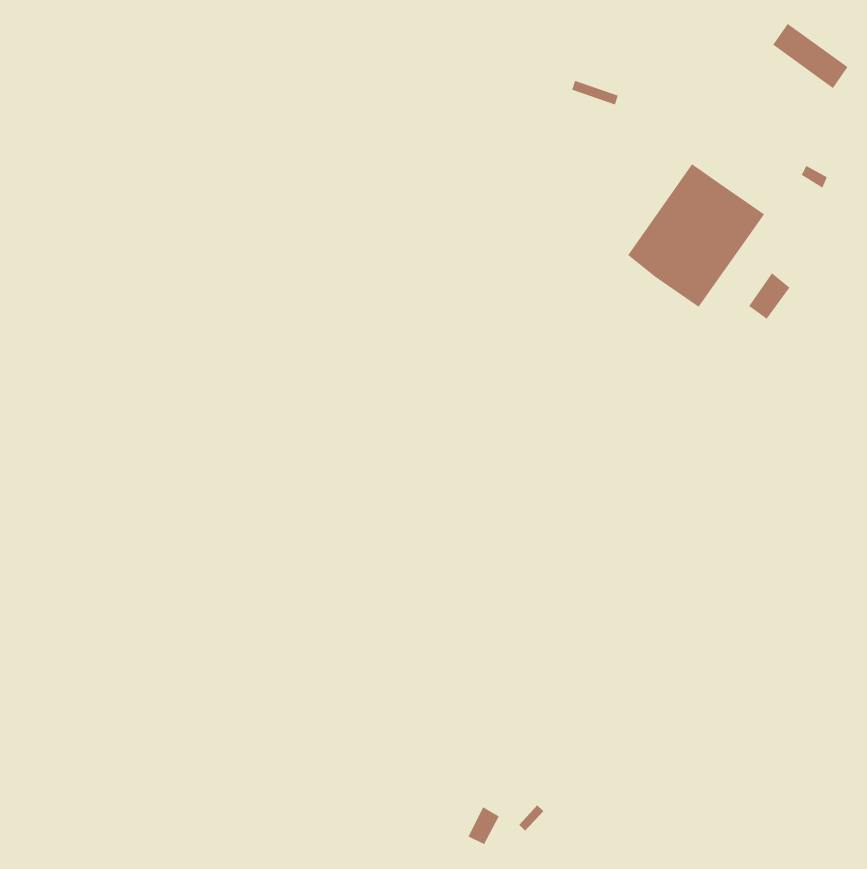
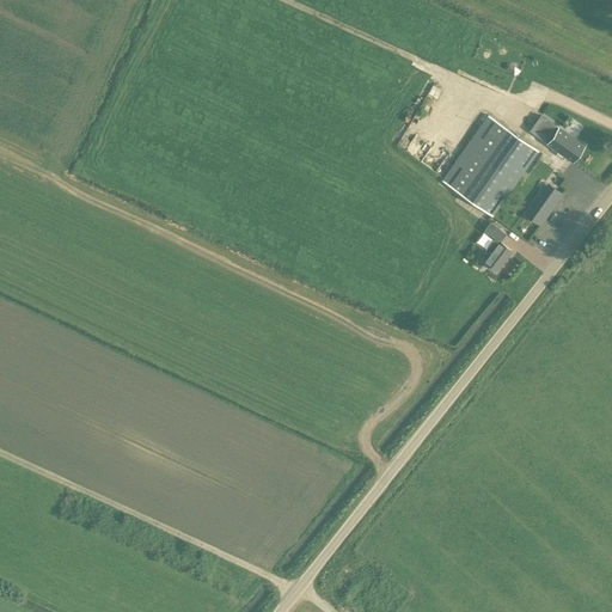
building: [772,23,849,89] -> [528,115,582,161]
building: none -> [483,221,510,270]

